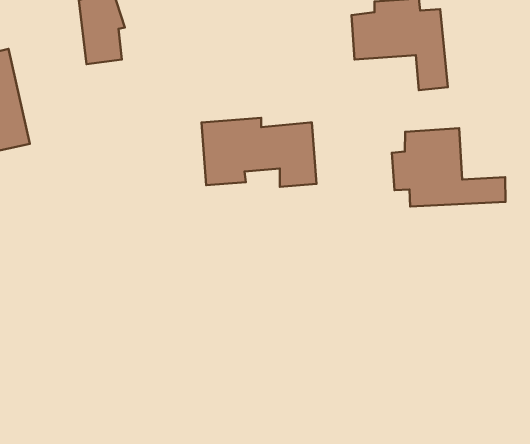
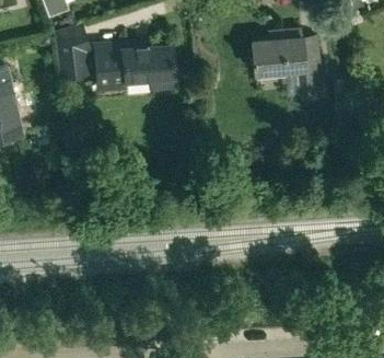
building: [202,118,316,187] -> [94,43,176,92]
building: [392,128,505,206] -> none

